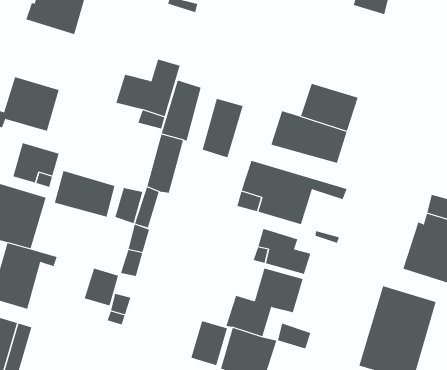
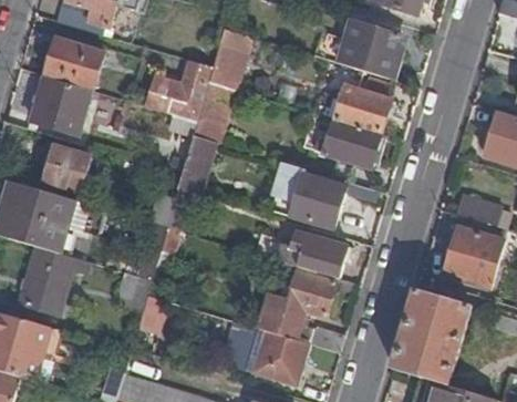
building: none -> [314,21,402,79]
building: none -> [43,38,102,90]
building: [202,98,244,158] -> [209,30,251,90]
building: [54,170,115,218] -> none

